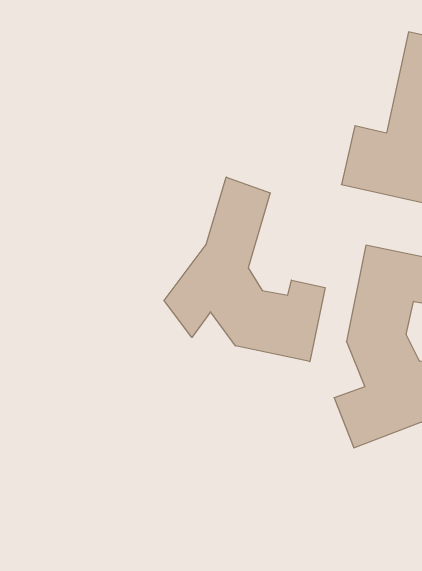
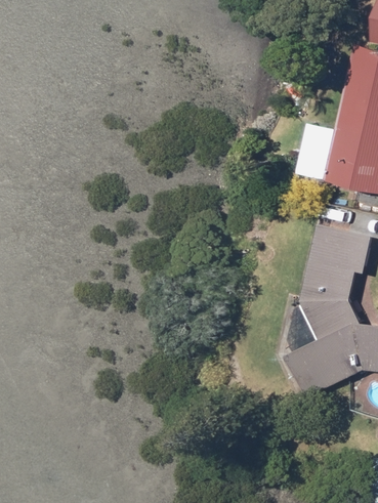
building: [164,177,325,362] -> none

